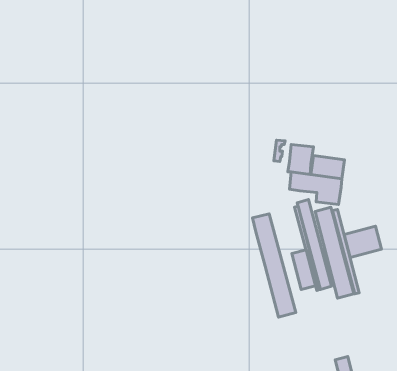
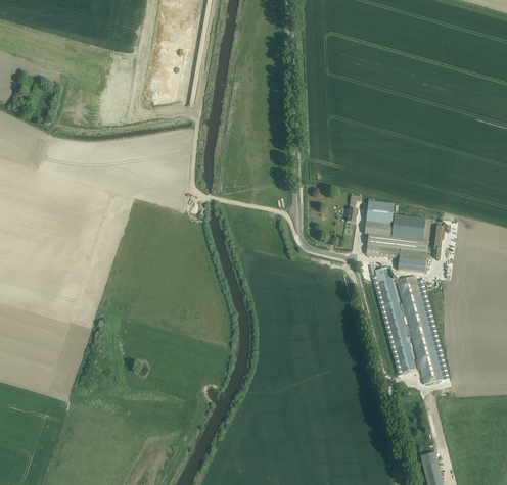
building: [253,214,296,317] -> none
building: [344,226,382,258] -> none
building: [292,250,316,289] -> none

